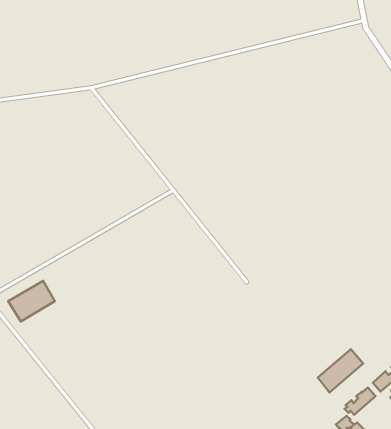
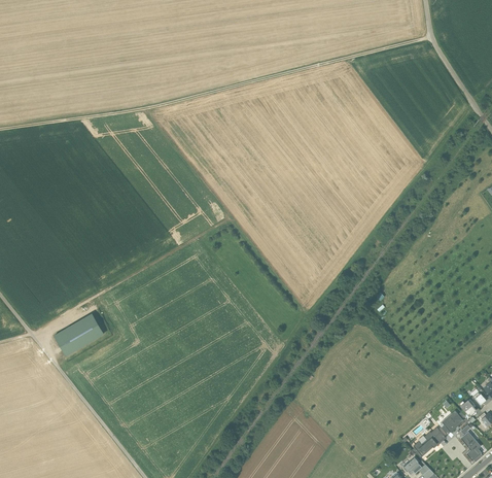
building: [318,349,363,392] -> none

